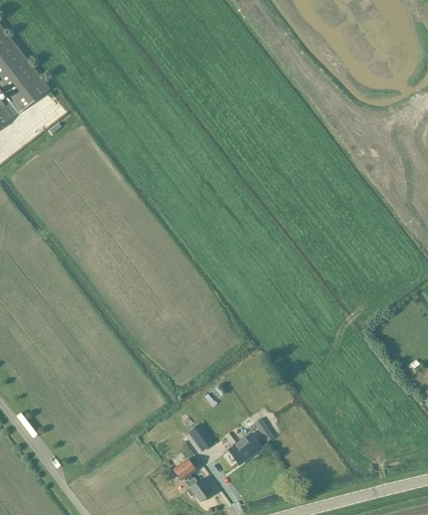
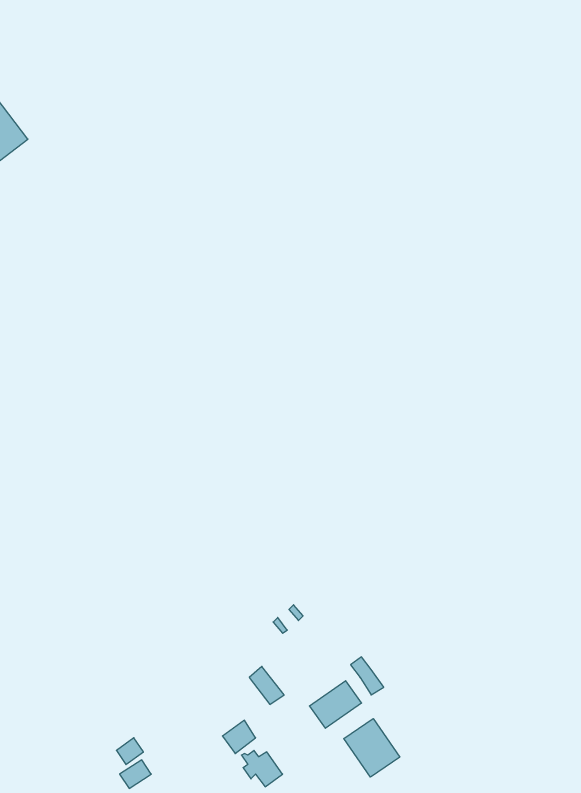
building: none -> [344,719,400,777]

